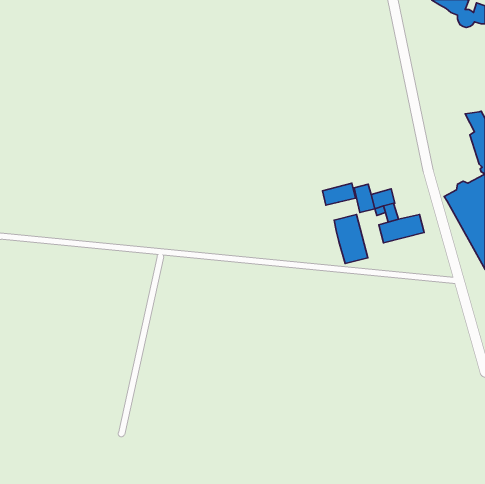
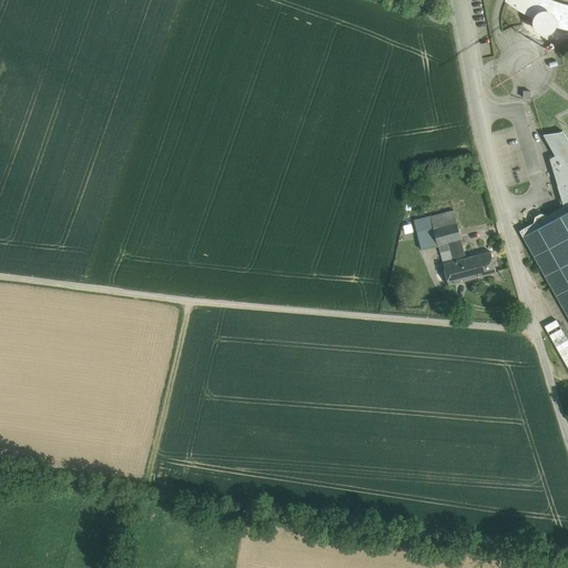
building: [323,183,356,205] -> none
building: [334,215,368,263] -> none

